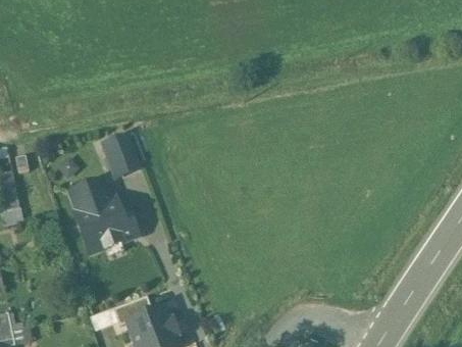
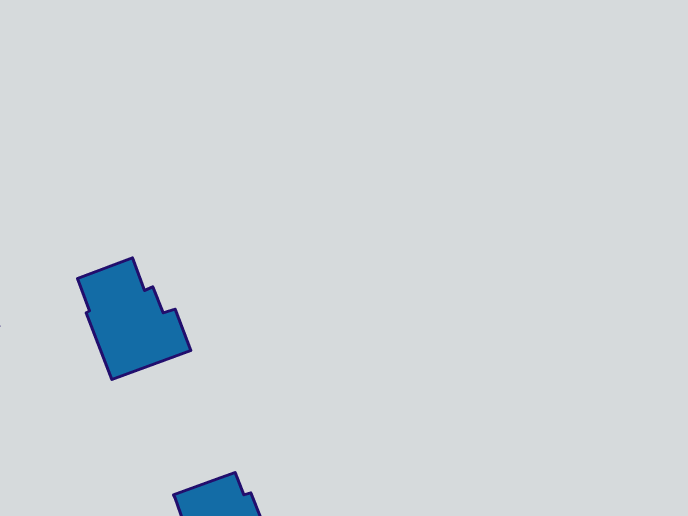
building: [102,133,139,174] -> none

